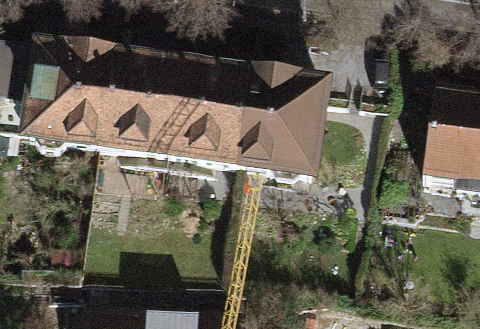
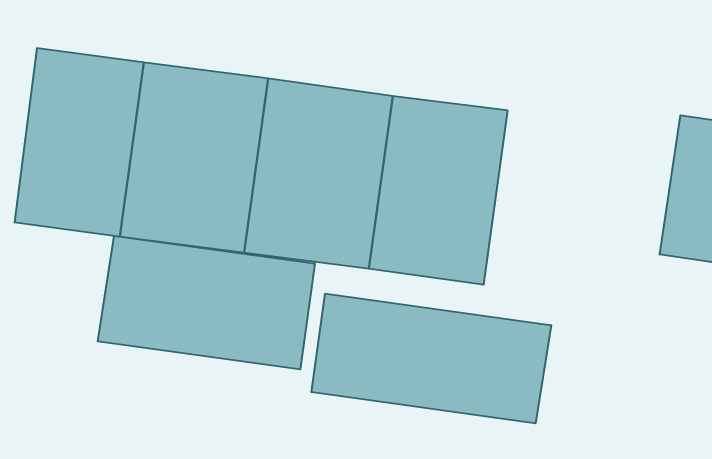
building: none -> [98,236,315,369]
building: none -> [311,294,551,423]

